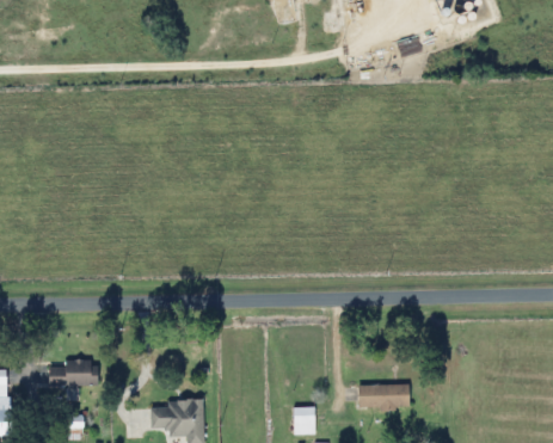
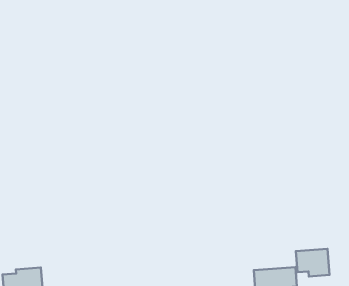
building: none -> [296,249,330,276]

